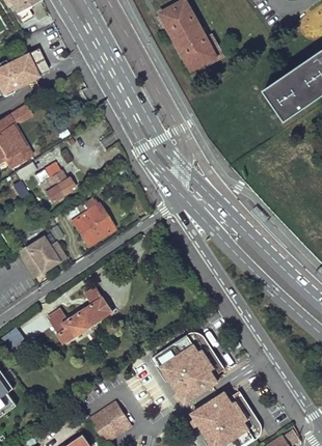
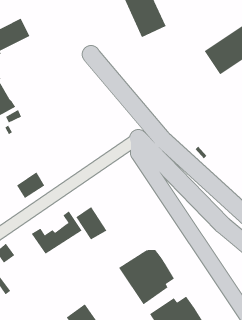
building: [41,164,71,197] -> none
building: [71,198,114,246] -> none
building: none -> [76,206,107,240]

